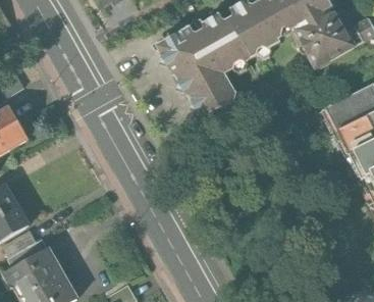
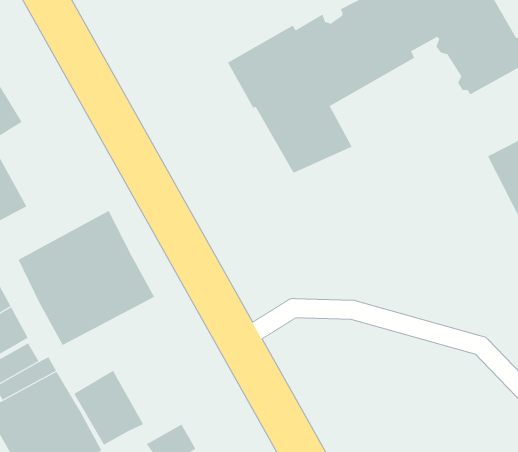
building: none -> [18,210,155,346]
building: none -> [73,370,144,445]

